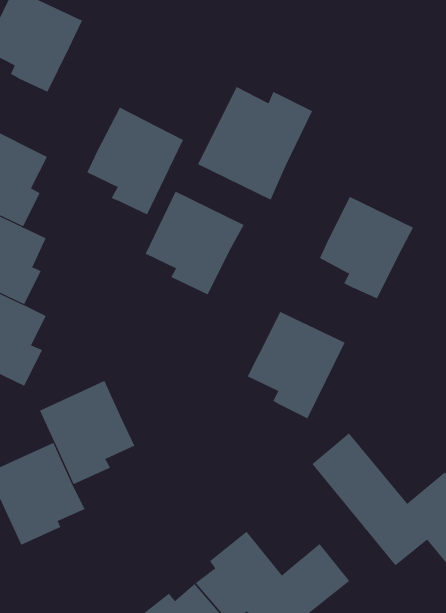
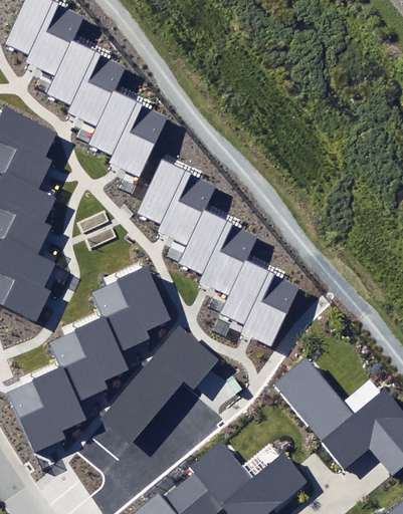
building: none -> [48,42,127,127]
building: [197,86,313,200] -> none
building: [319,196,414,299] -> [182,210,260,295]
building: none -> [93,268,170,349]
building: none -> [103,326,219,444]

